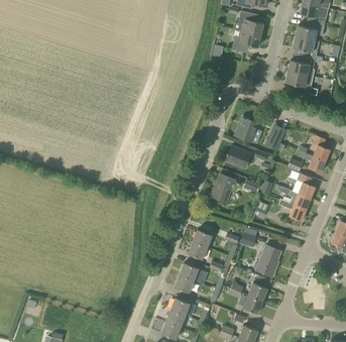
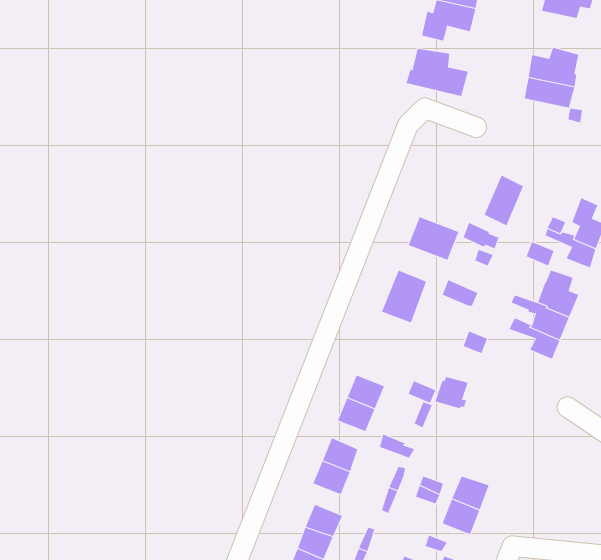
building: [293,36,319,60] -> none
building: none -> [406,48,469,97]
building: [234,117,258,142] -> none
building: [255,244,280,276] -> none

